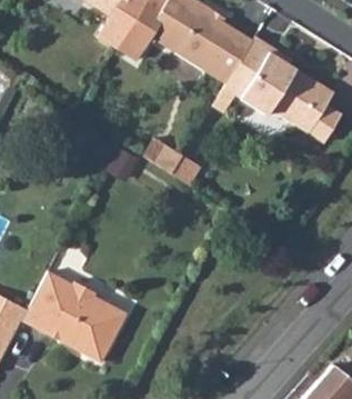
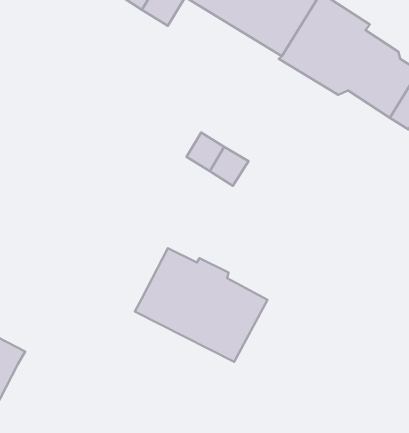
building: [22,271,124,359] -> [135,248,267,362]

